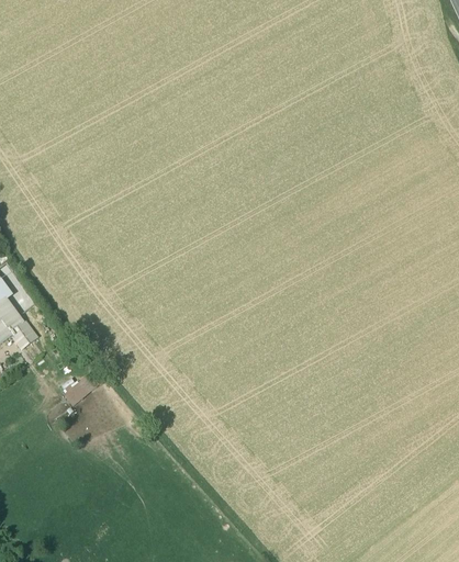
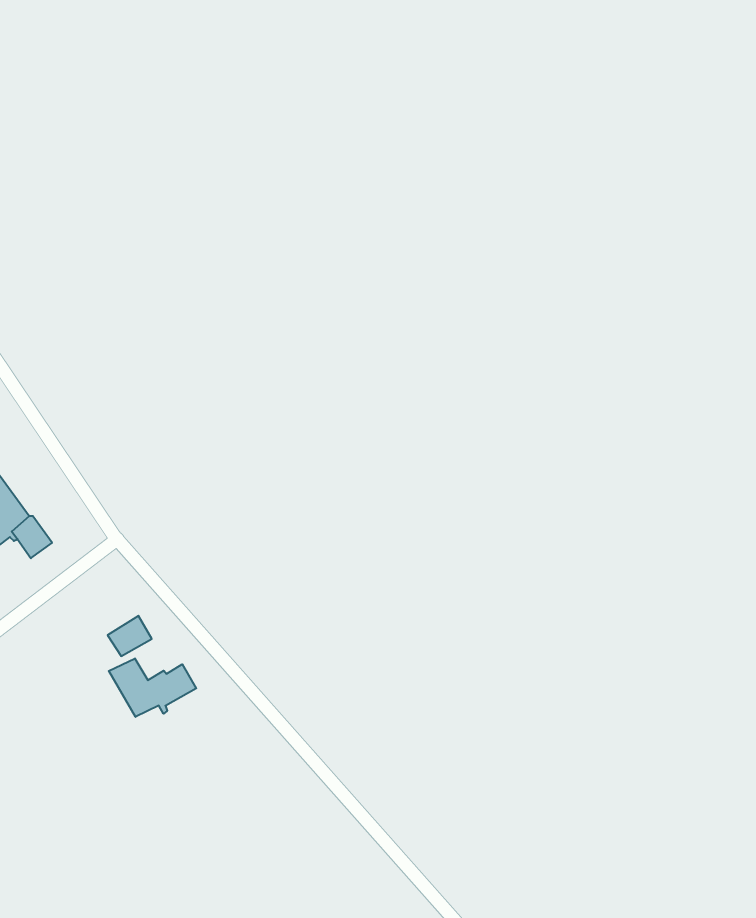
building: none -> [109,658,196,717]

